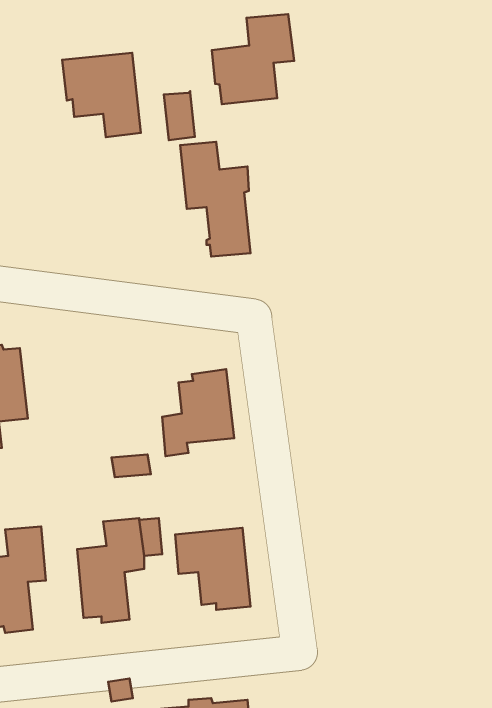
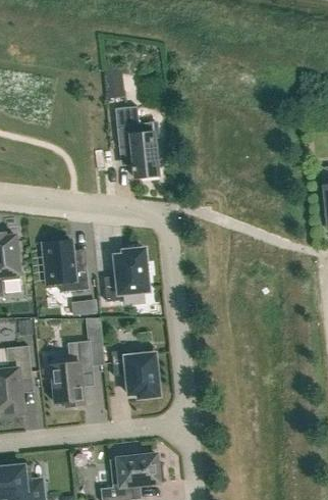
building: [212,14,294,104] -> none
building: [62,53,141,137] -> none
building: none -> [43,237,89,292]

